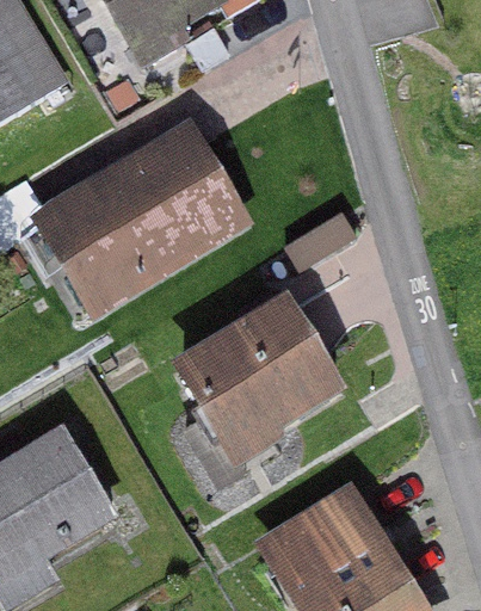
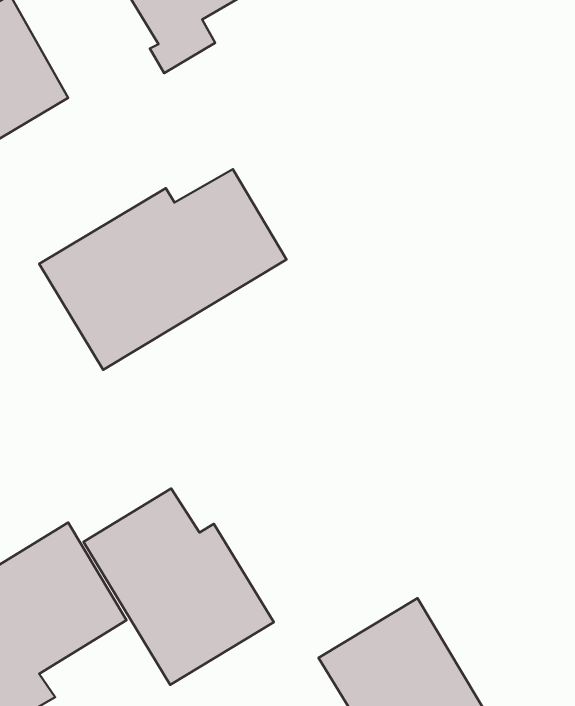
building: [183,302,335,433] -> none
building: none -> [84,488,274,685]

